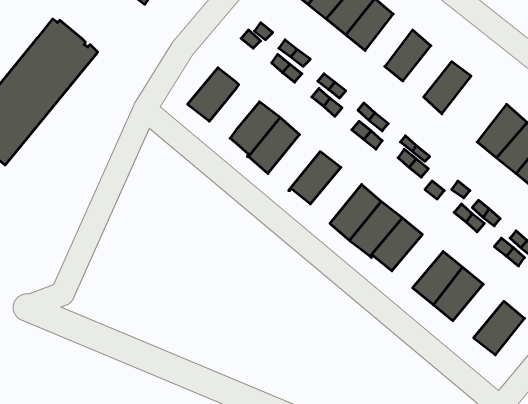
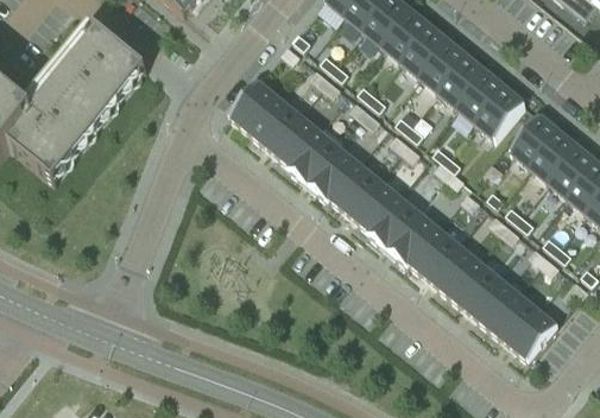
building: none -> [399,25,446,76]
building: none -> [436,56,484,106]
building: none -> [474,86,523,138]
building: none -> [247,94,296,146]
building: none -> [304,142,355,197]
building: none -> [346,175,396,229]
building: none -> [425,240,475,292]
building: none -> [485,289,535,341]

